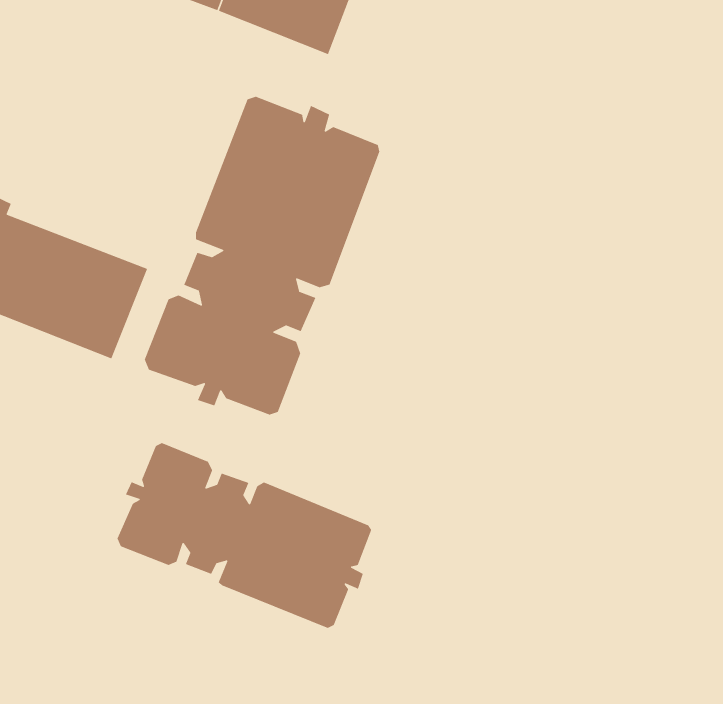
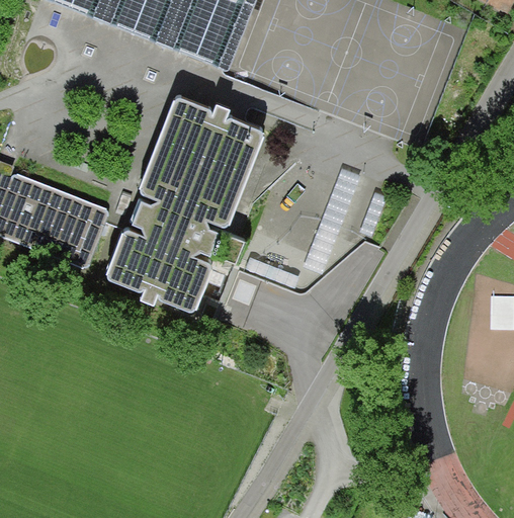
building: [116,442,372,629] -> none

